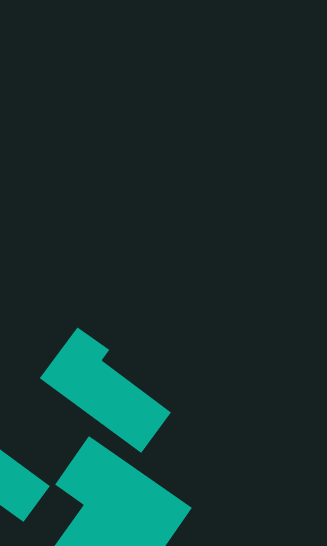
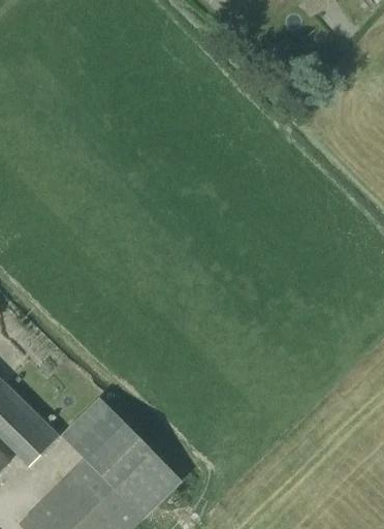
building: [39,327,172,454] -> none

